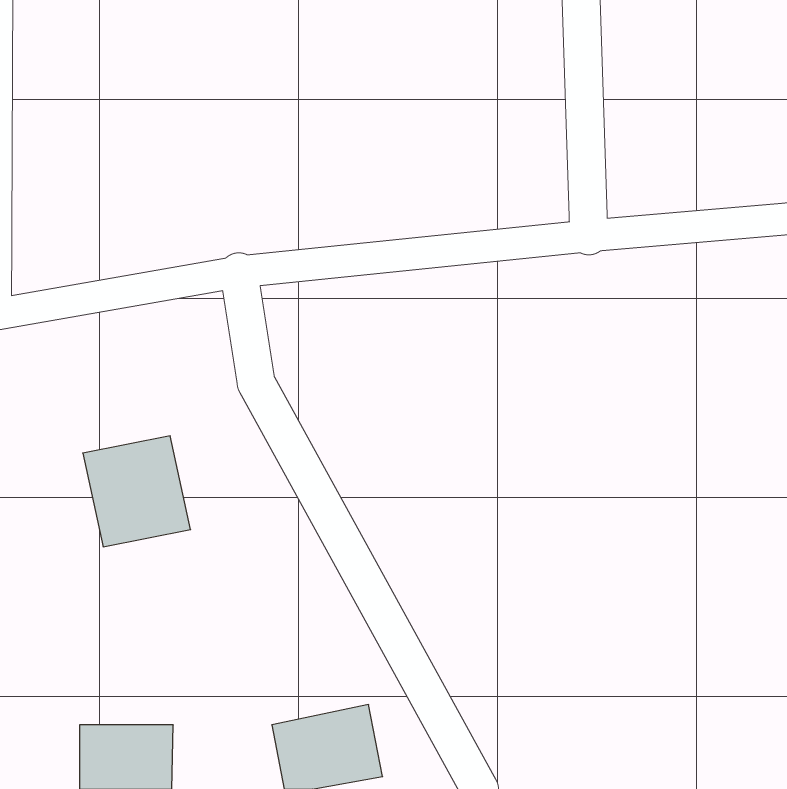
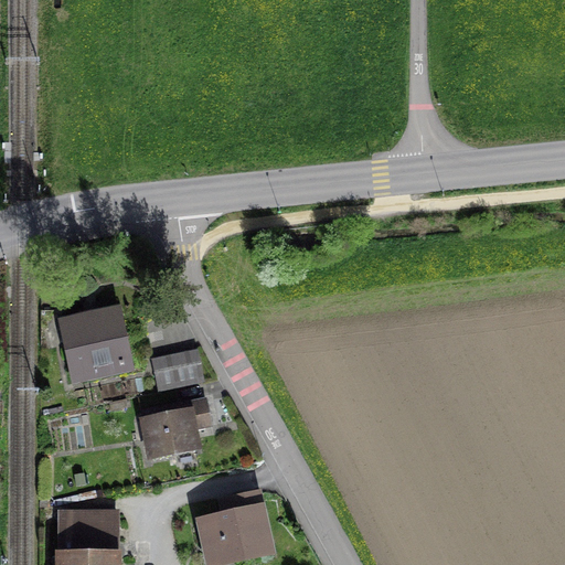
building: none -> [150,348,203,392]
building: none -> [140,406,201,461]

